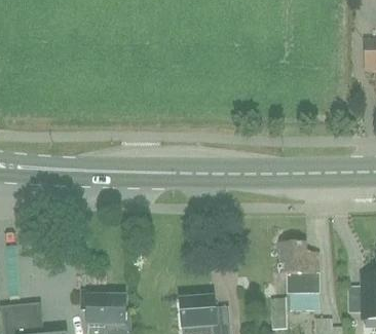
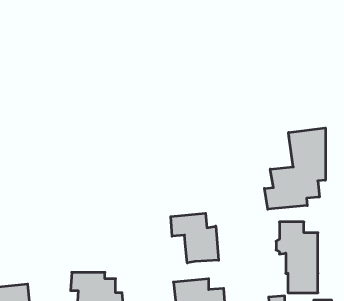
building: none -> [264,128,325,209]
building: none -> [171,213,219,263]

